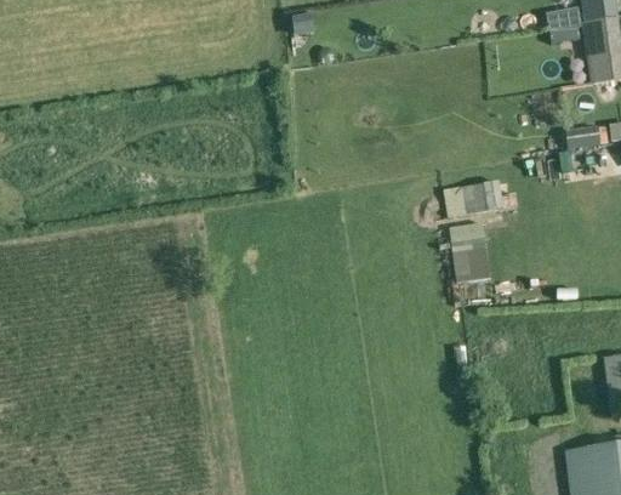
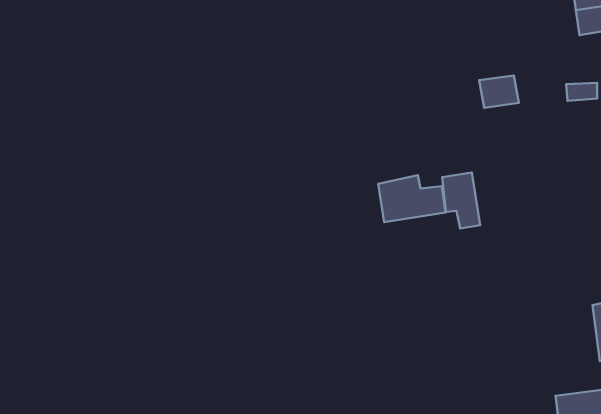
building: [462,181,502,214] -> [479,75,519,108]
building: none -> [378,175,446,222]

